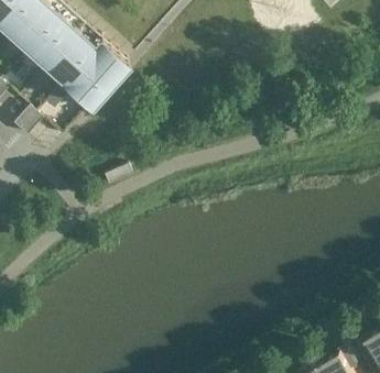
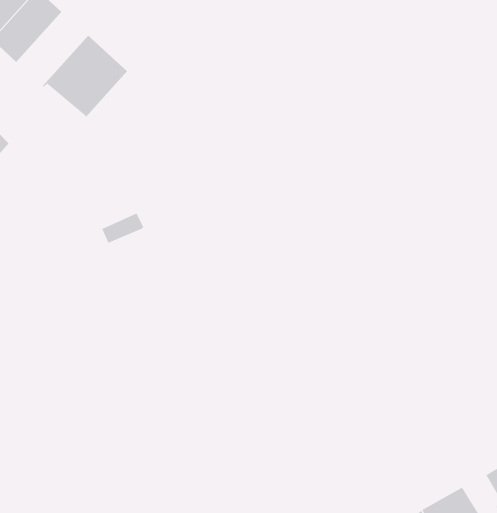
building: [46,33,95,83] -> none

